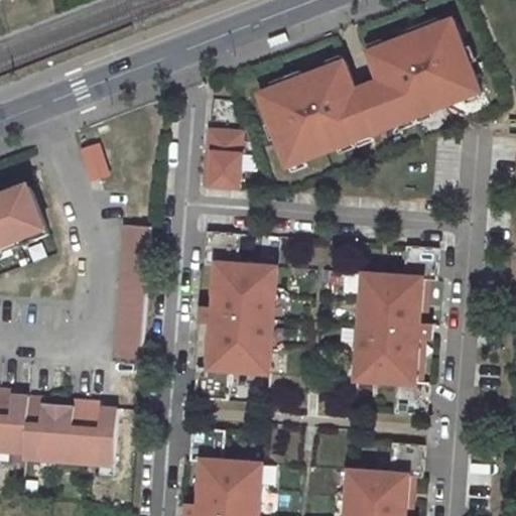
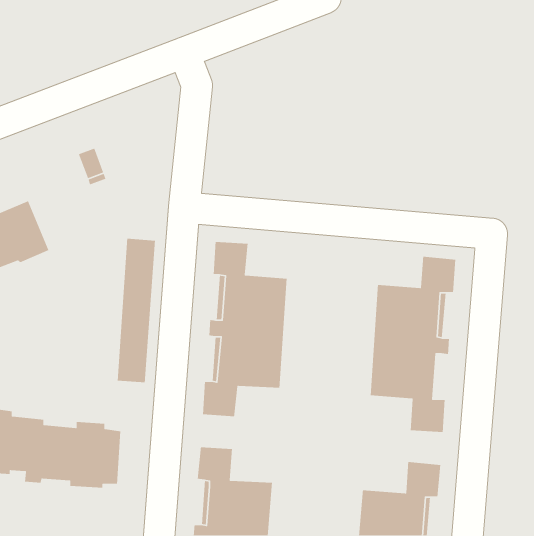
building: [257,17,480,166] -> none
building: [203,128,241,187] -> none

